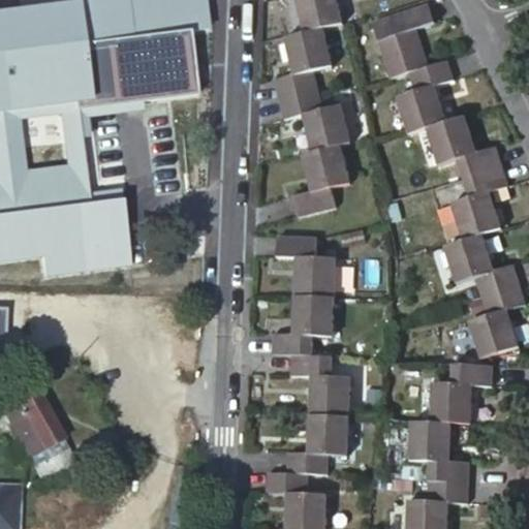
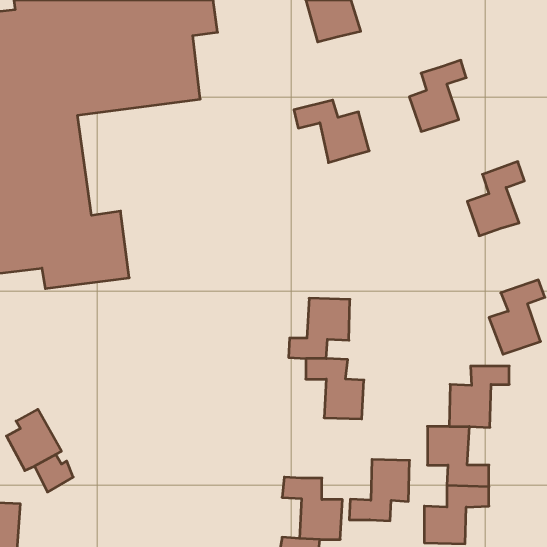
building: [369,7,428,79] -> none
building: [277,38,334,108] -> none
building: [425,111,497,170] -> none
building: [287,153,345,221] -> none
building: [444,222,517,284] -> none
building: [280,232,337,290] -> none
building: [289,404,347,463] -> [349,459,410,521]

